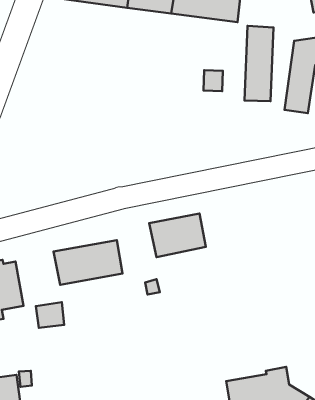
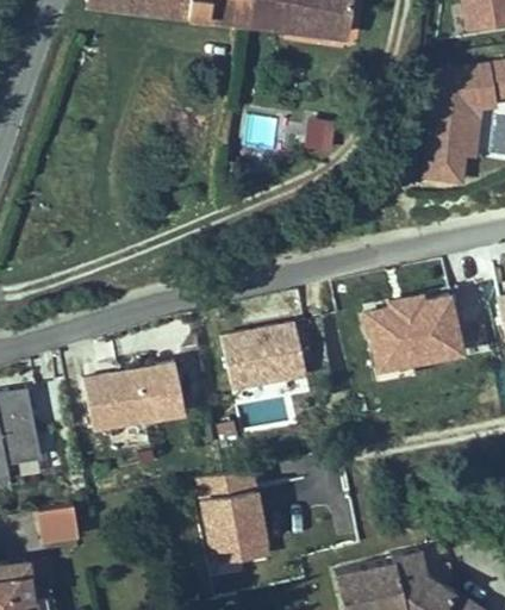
building: [245,26,274,101] -> none
building: none -> [373,294,463,365]
building: [36,302,64,328] -> [38,508,80,546]
building: none -> [192,466,274,564]

